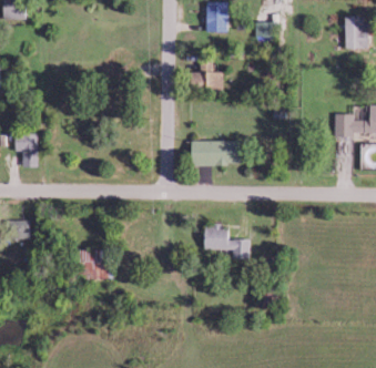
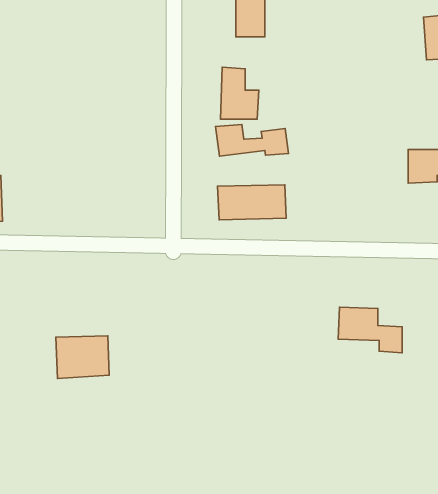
building: none -> [215,124,288,156]
building: [203,225,250,258] -> [338,307,402,353]

